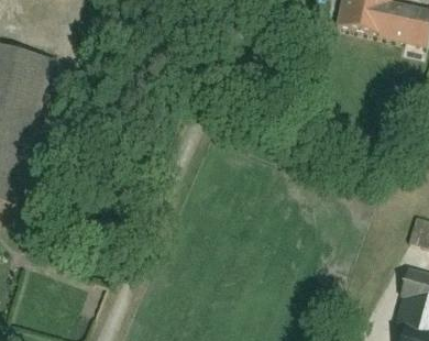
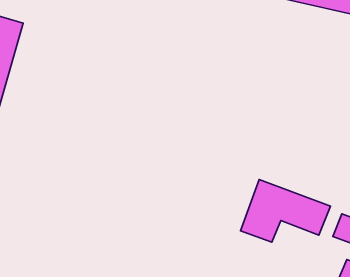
building: none -> [240,179,330,242]

